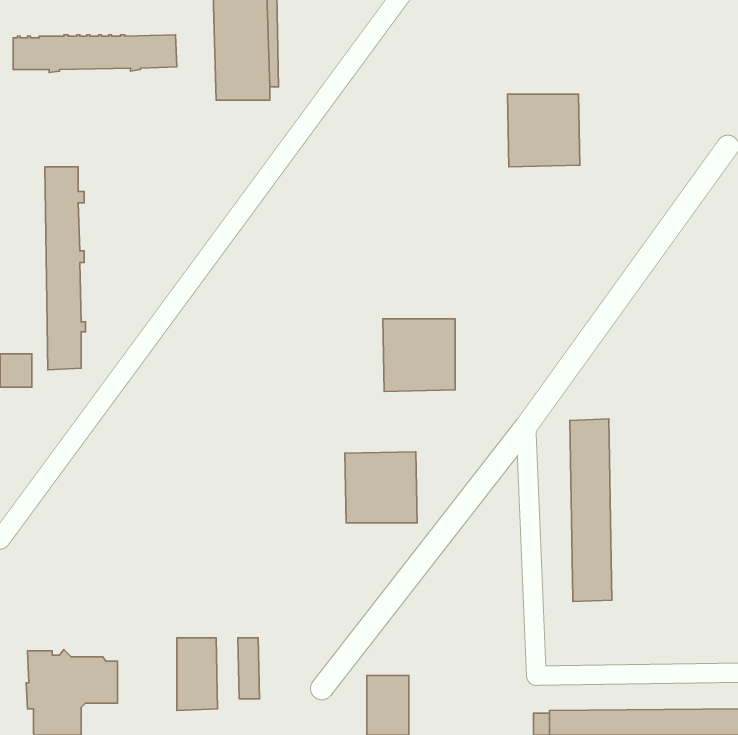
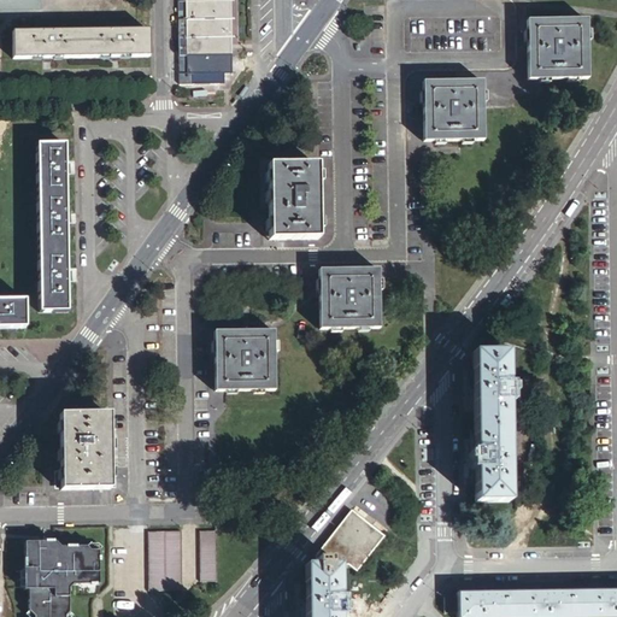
building: none -> [529,17,589,77]
building: none -> [269,161,319,236]
building: [345,452,417,523] -> [217,328,277,387]
building: none -> [61,412,112,487]
building: none -> [317,507,387,568]

